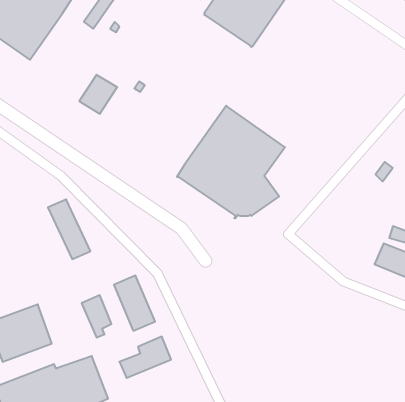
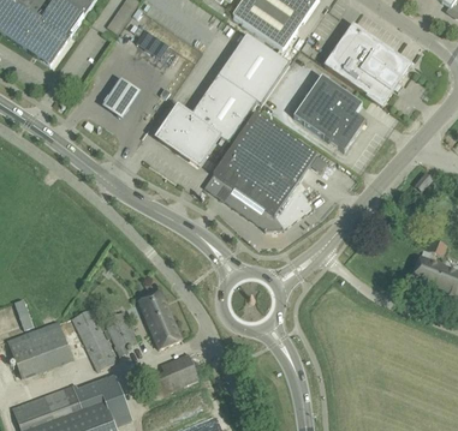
building: none -> [322,25,409,104]
building: none -> [157,32,287,163]
building: none -> [292,74,365,150]
building: [48,199,90,259] -> [71,306,115,369]

